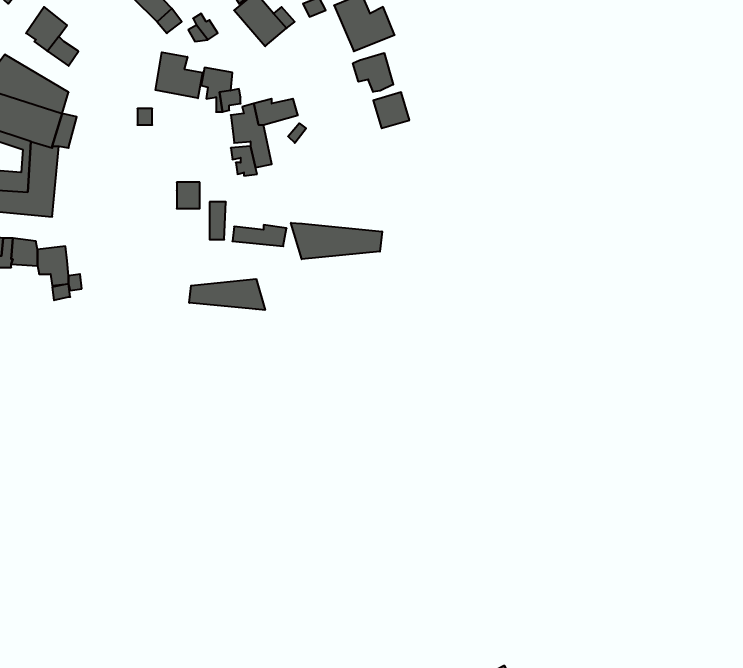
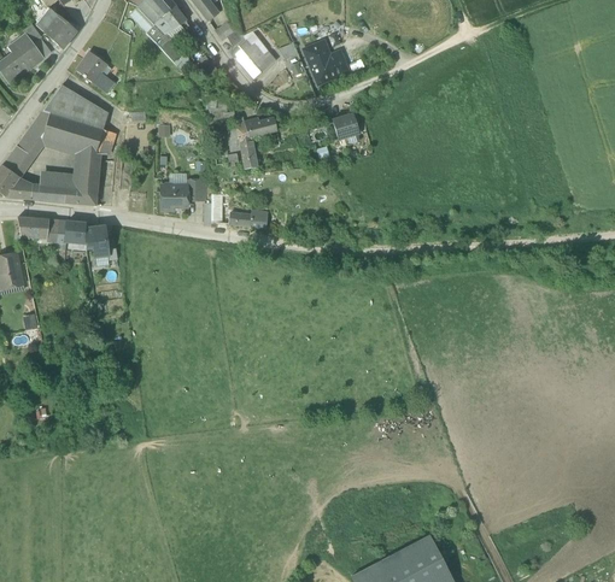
building: [155,52,202,98] -> none
building: [353,53,393,92] -> none
building: none -> [160,183,187,210]
building: [291,223,382,259] -> none
building: [189,279,265,310] -> none

